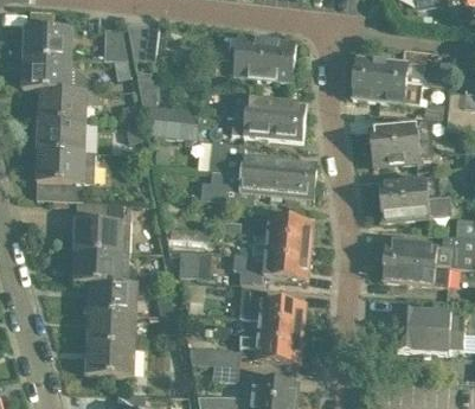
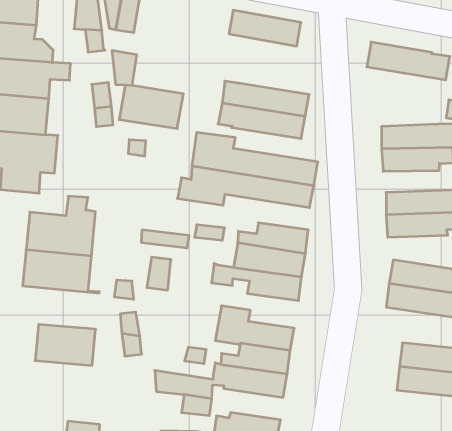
building: [232,55,293,82] -> none
building: [351,76,421,102] -> none
building: [72,279,137,312] -> none
building: [85,341,135,375] -> none

